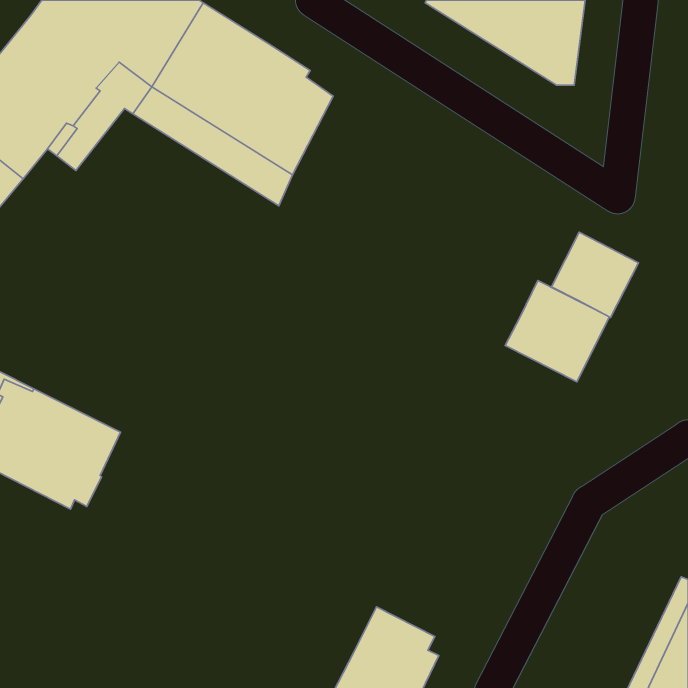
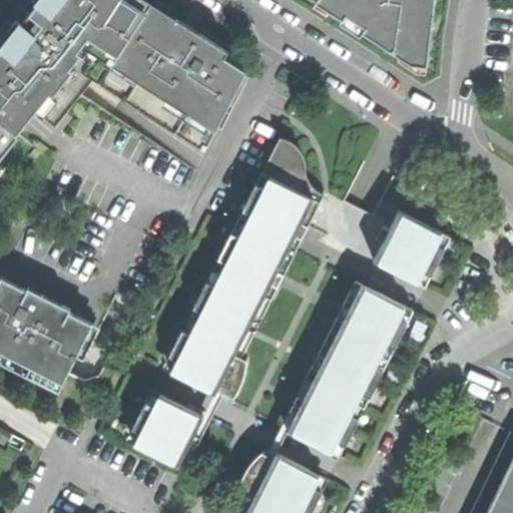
building: none -> [170,149,320,400]
building: [551,232,638,318] -> none
building: none -> [290,280,415,453]
building: none -> [134,395,204,467]

